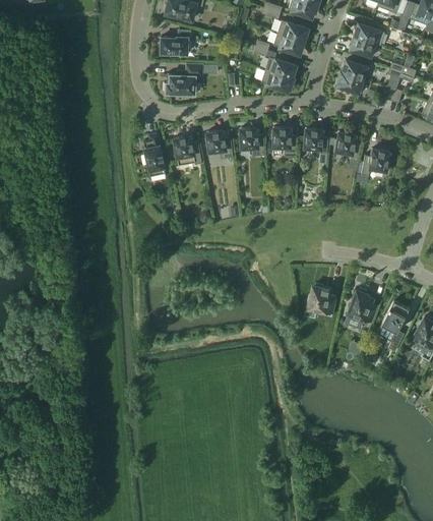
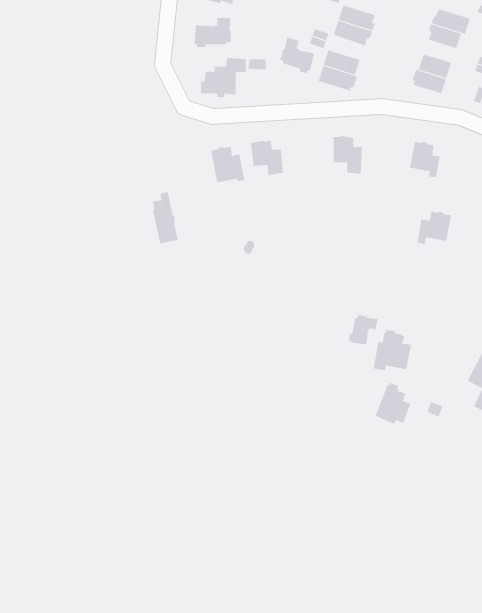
building: none -> [280,36,315,74]
building: [239,126,264,155] -> none
building: [303,127,328,153] -> none
building: [143,132,165,175] -> [152,191,178,244]
building: [361,148,389,175] -> [417,211,452,245]
building: none -> [348,314,378,345]
building: [348,287,377,322] -> [375,382,411,425]

